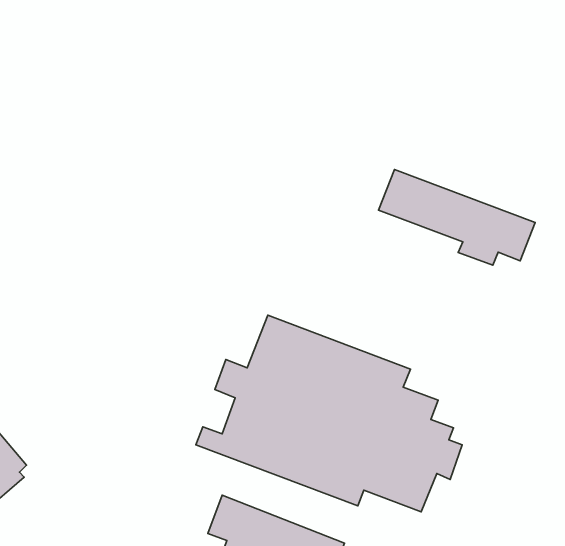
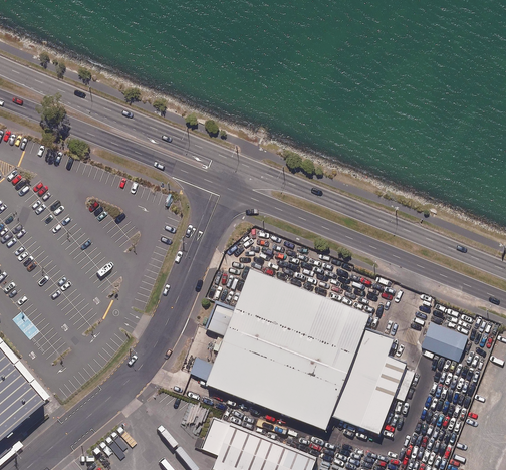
building: [379,169,535,265] -> none
building: none -> [423,320,468,359]

